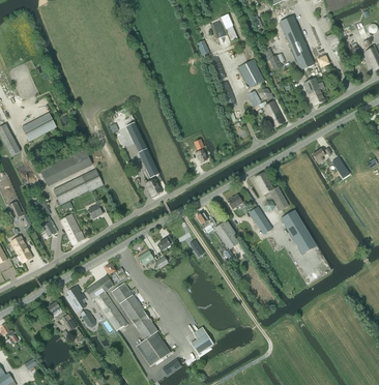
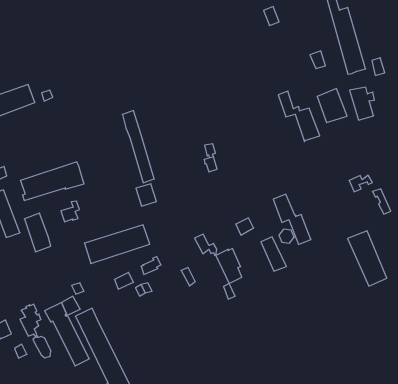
building: [238,59,264,87] -> [317,89,347,123]
building: [40,149,92,185] -> [84,225,150,264]
building: [281,210,316,254] -> [348,231,387,286]

